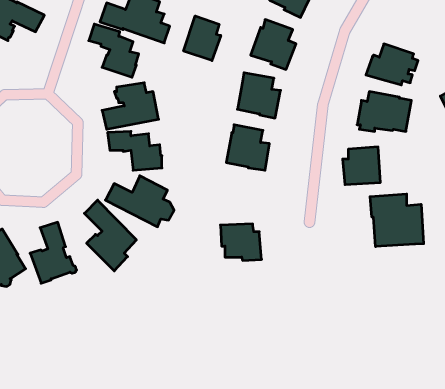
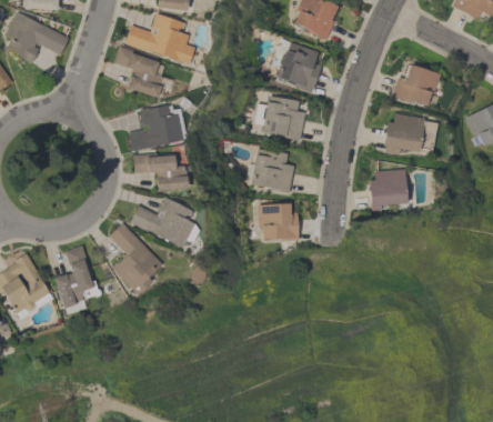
building: [184,16,221,61] -> none
building: [370,194,424,247] -> none
building: [220,224,262,260] -> [258,202,299,239]

